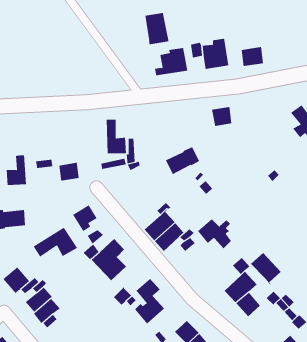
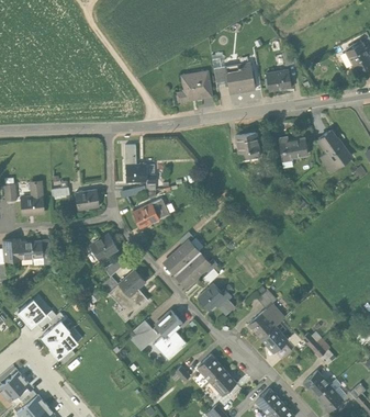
building: [145,12,169,45] -> none
building: none -> [277,137,306,161]
building: [165,146,200,175] -> [132,199,168,228]
building: [197,219,232,249] -> [198,284,234,316]
building: [33,227,78,257] -> none
building: [250,252,282,286] -> none

